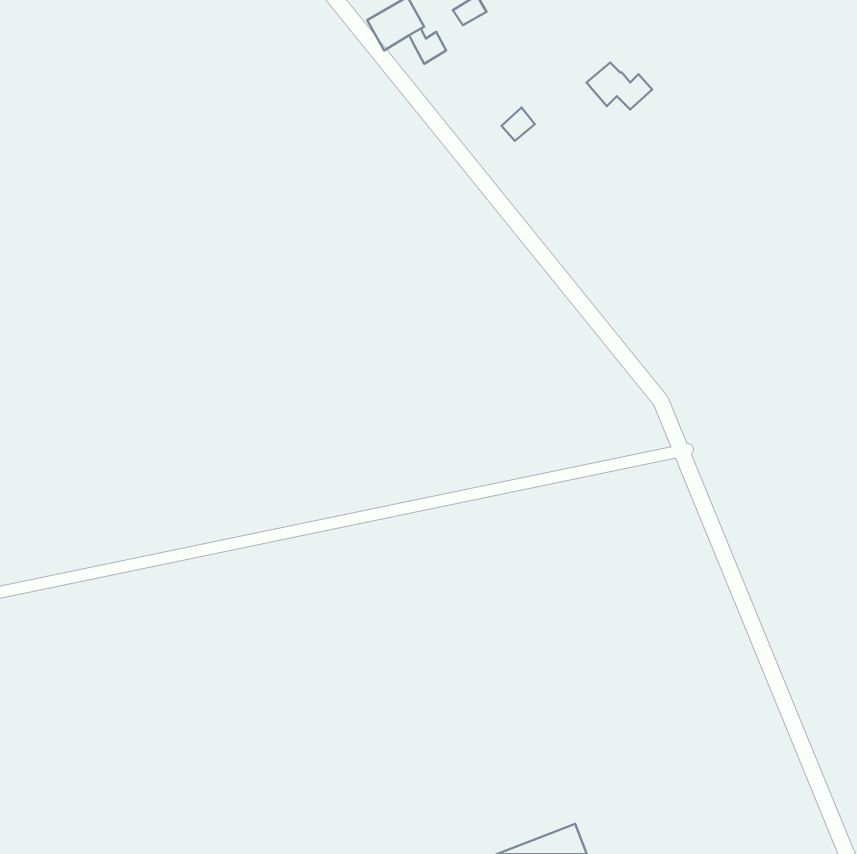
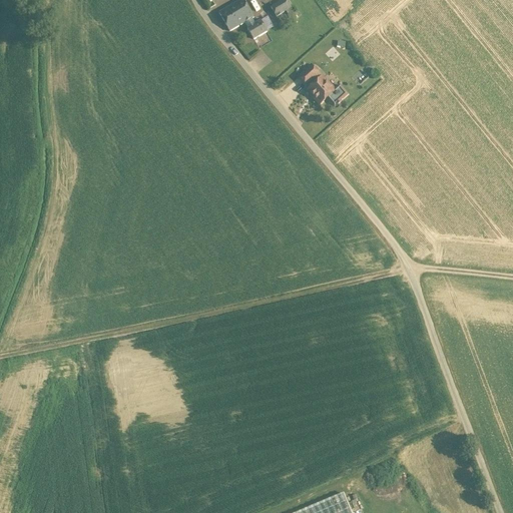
building: [587,63,652,109] -> [309,77,348,105]

